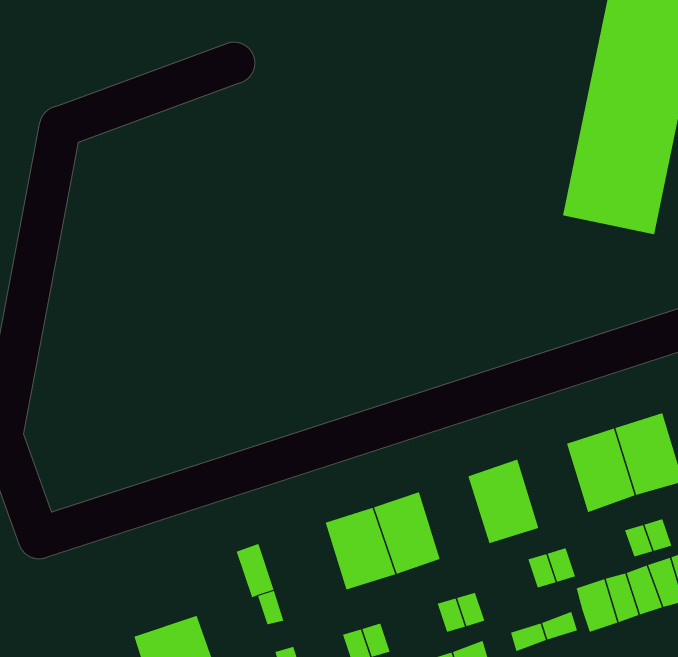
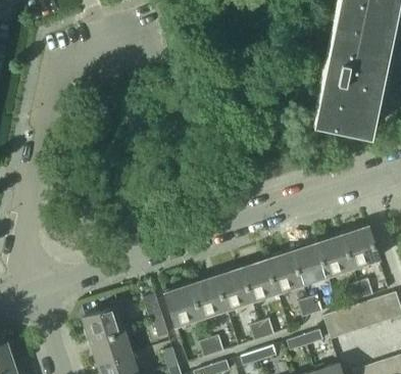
building: none -> [293,241,330,286]
building: none -> [241,259,278,302]
building: none -> [165,283,202,327]
building: none -> [82,308,123,343]

